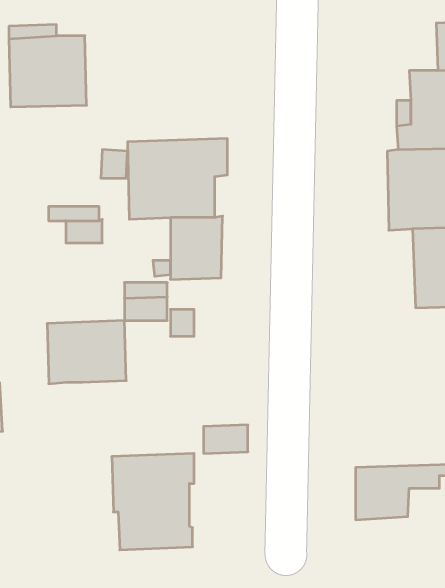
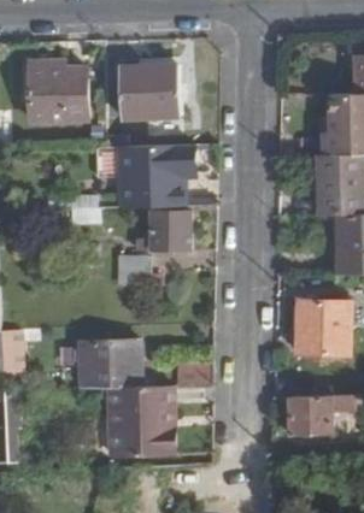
building: none -> [118,63,178,119]
building: [47,320,126,384] -> [80,340,140,388]
building: none -> [295,301,348,353]

